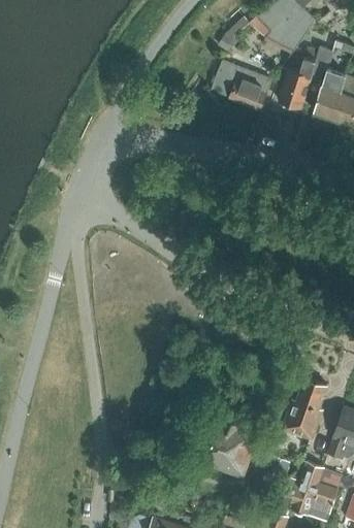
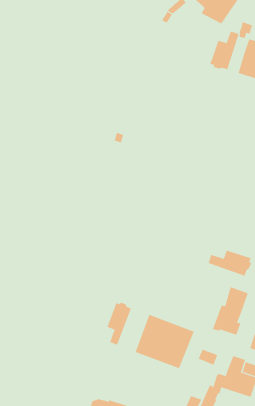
building: [212,63,271,111] -> none
building: none -> [208,250,251,276]
building: none -> [107,302,132,346]

